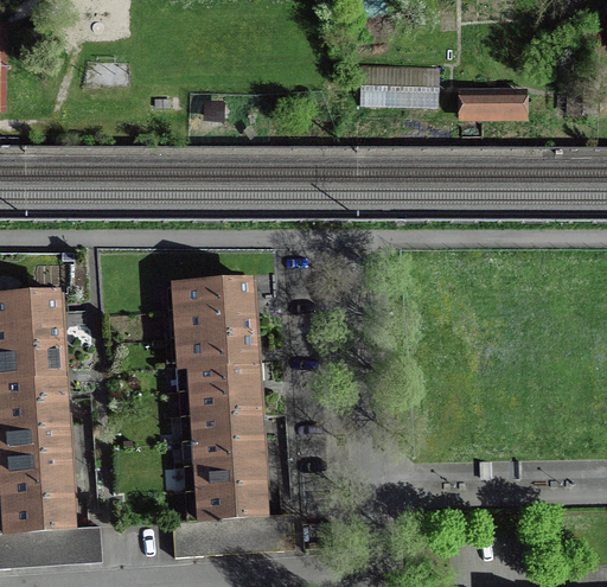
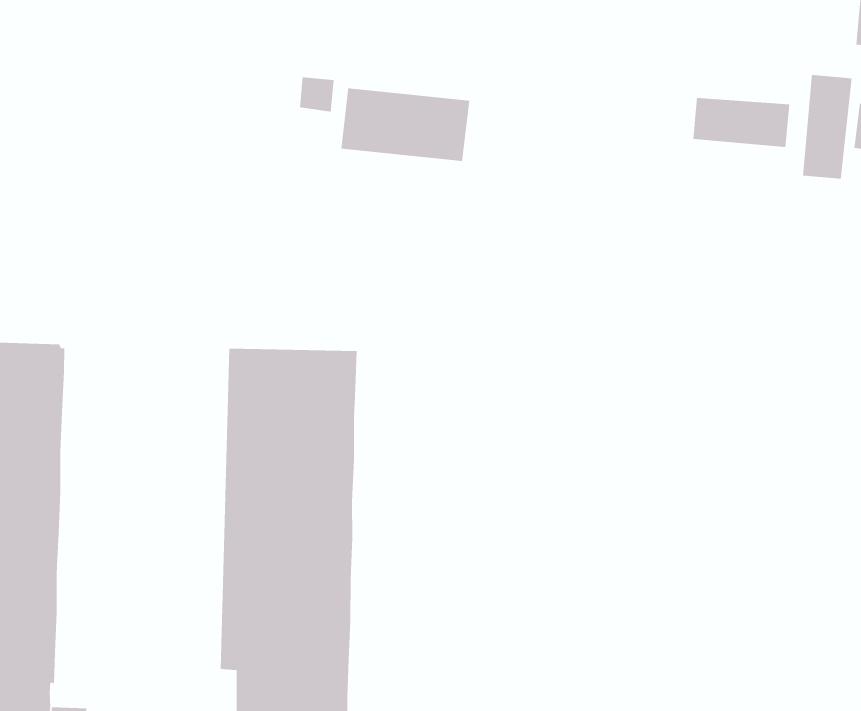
building: [356,64,437,106] -> [340,88,470,162]
building: none -> [802,74,852,180]

